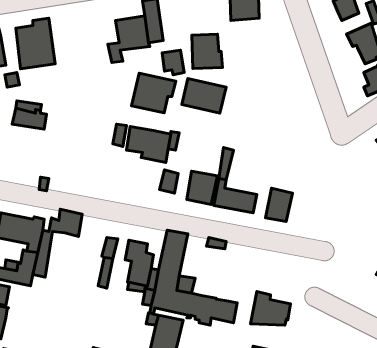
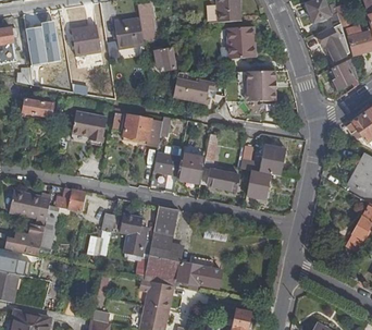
building: none -> [71,23,101,53]
building: [192,34,223,69] -> [227,26,255,57]
building: [131,73,176,113] -> none
building: none -> [245,70,276,100]
building: none -> [73,111,108,142]
building: none -> [240,144,285,175]
building: [251,291,291,325] -> none

